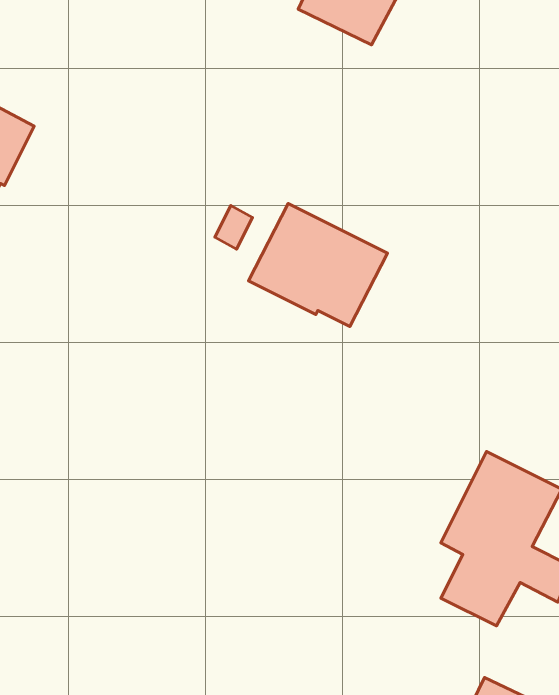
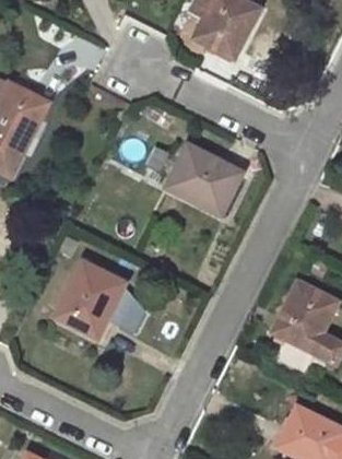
building: none -> [56,261,126,338]

